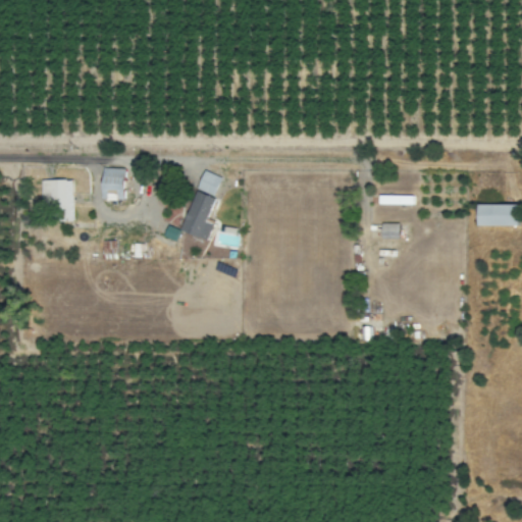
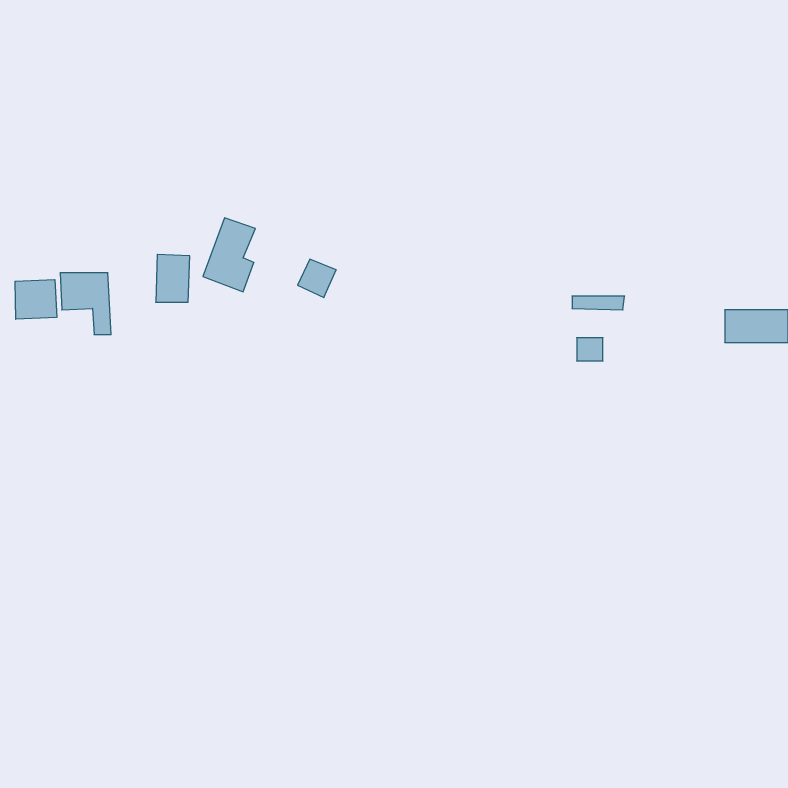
building: none -> [15,280,57,319]
building: [180,192,215,241] -> [203,218,255,292]

